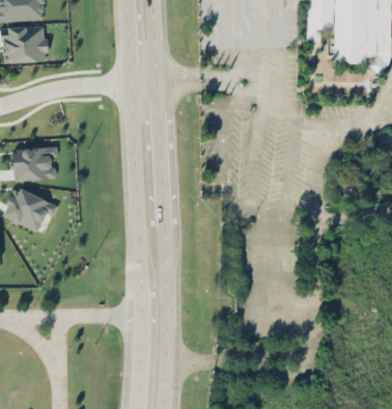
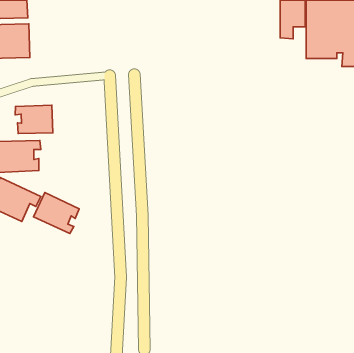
building: none -> [15,105,53,133]
building: none -> [34,192,79,233]

